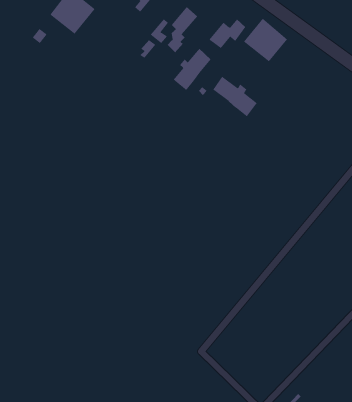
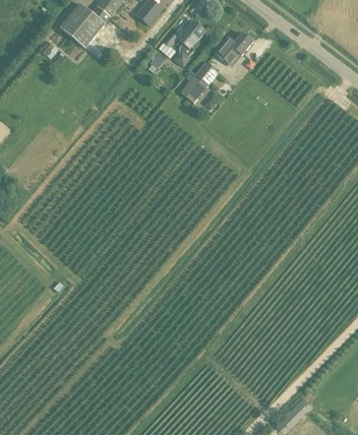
building: [243,18,288,62] -> none
building: [213,76,258,117] -> none

